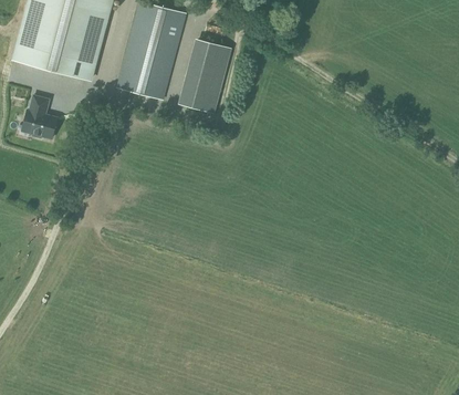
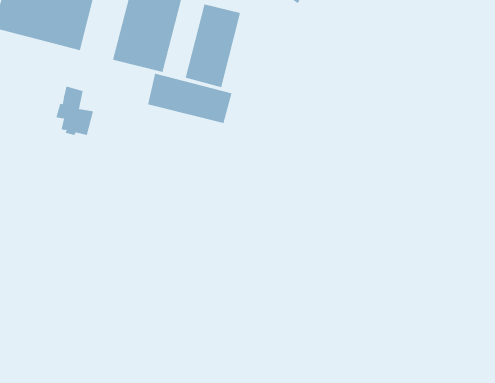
building: [25,96,59,139] -> [56,86,94,135]
building: none -> [147,73,232,124]

